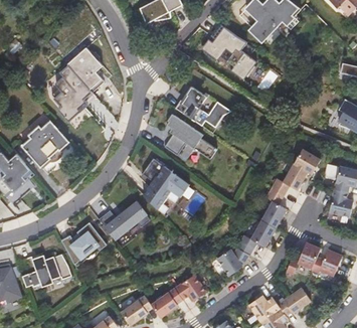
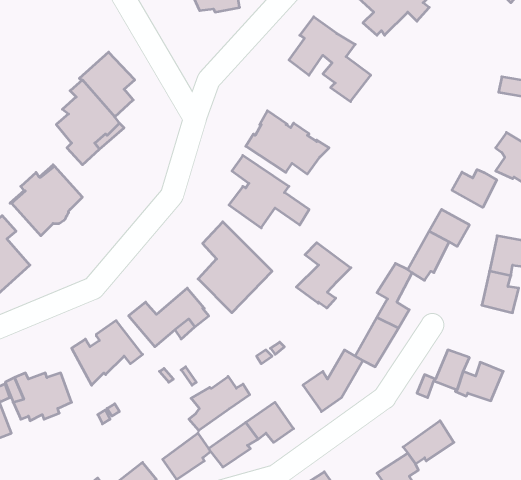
building: none -> [452,170,497,207]
building: none -> [296,243,351,308]
building: none -> [189,376,250,431]
building: [248,295,281,321] -> none

